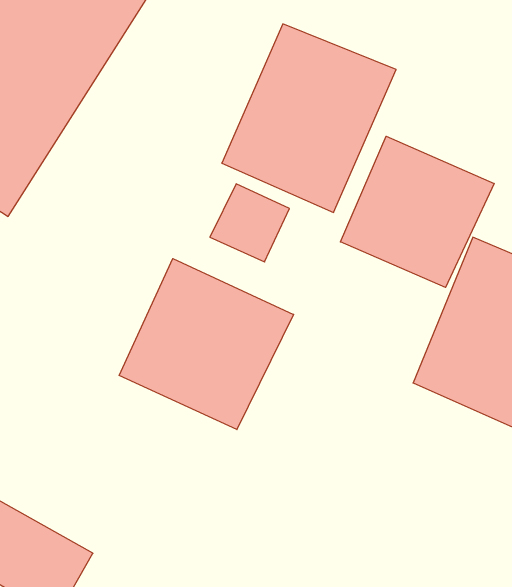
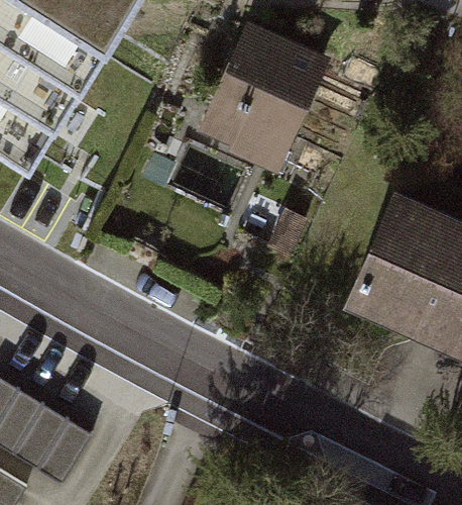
building: [340,136,494,287] -> none
building: [119,259,294,430] -> none

